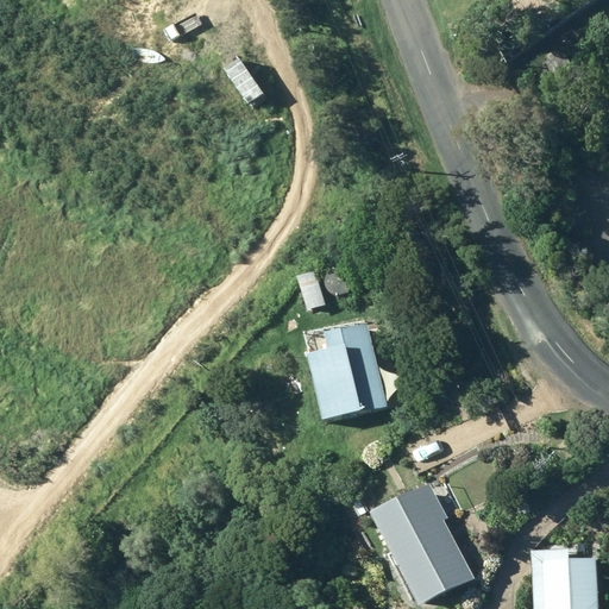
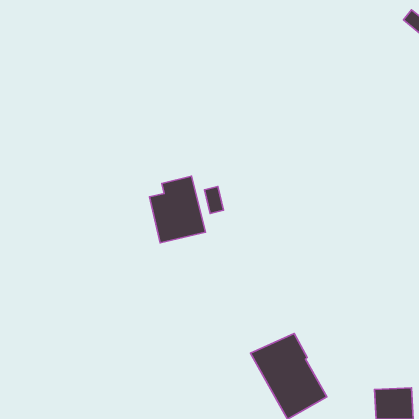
building: [304,322,385,419] -> [149,176,205,243]

